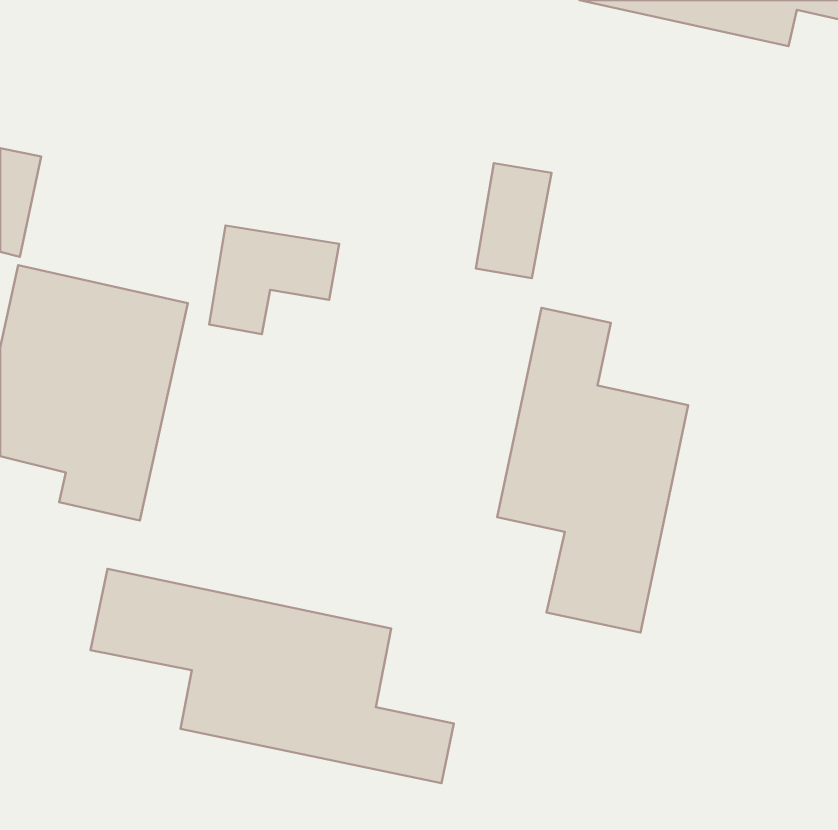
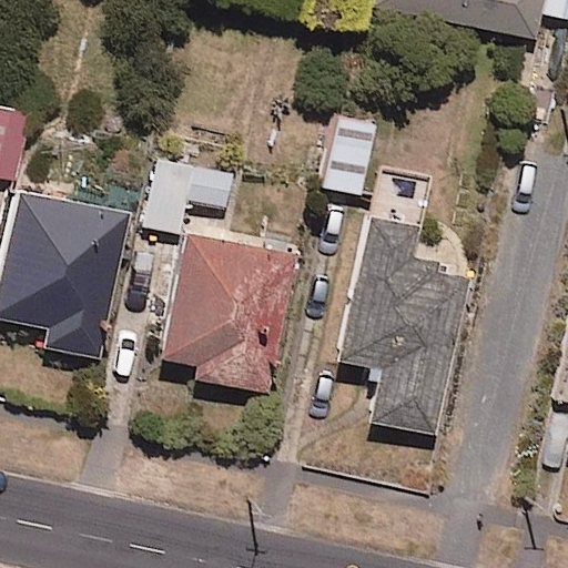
building: none -> [156,232,295,392]
building: [91,569,454,783] -> none

